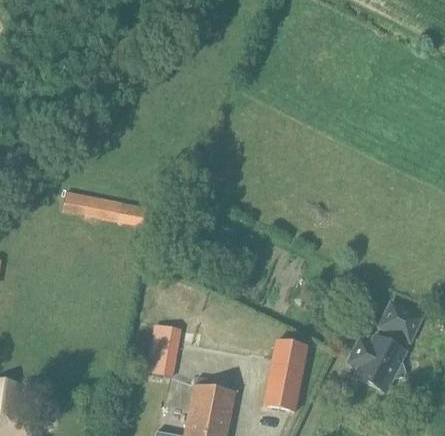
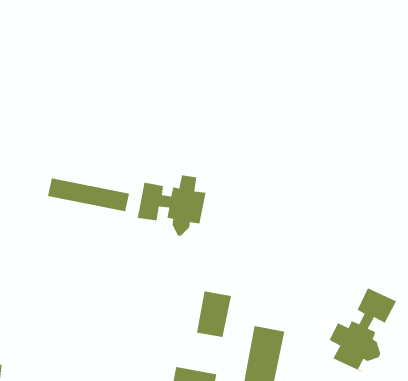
building: none -> [137,175,206,237]
building: [145,326,182,374] -> [196,291,232,338]

